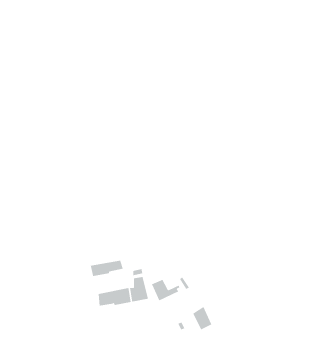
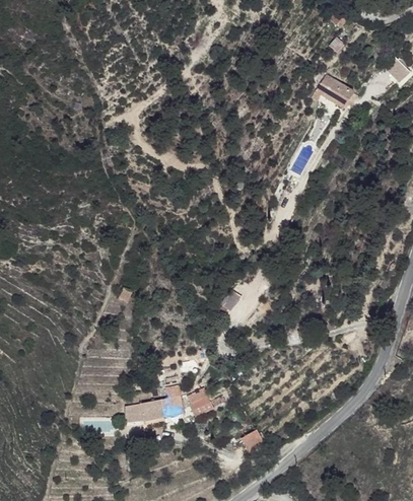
building: none -> [308,73,354,105]
building: [90,260,124,277] -> none

